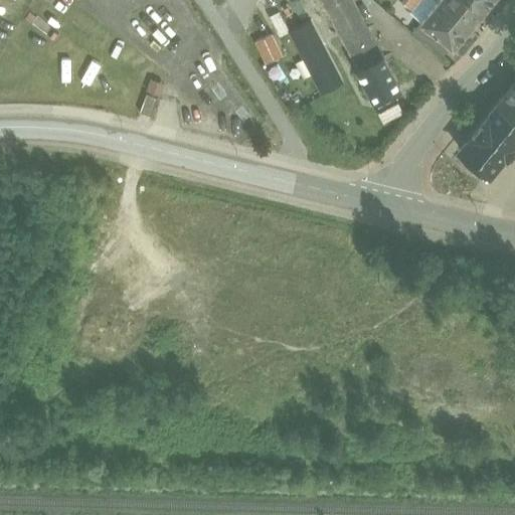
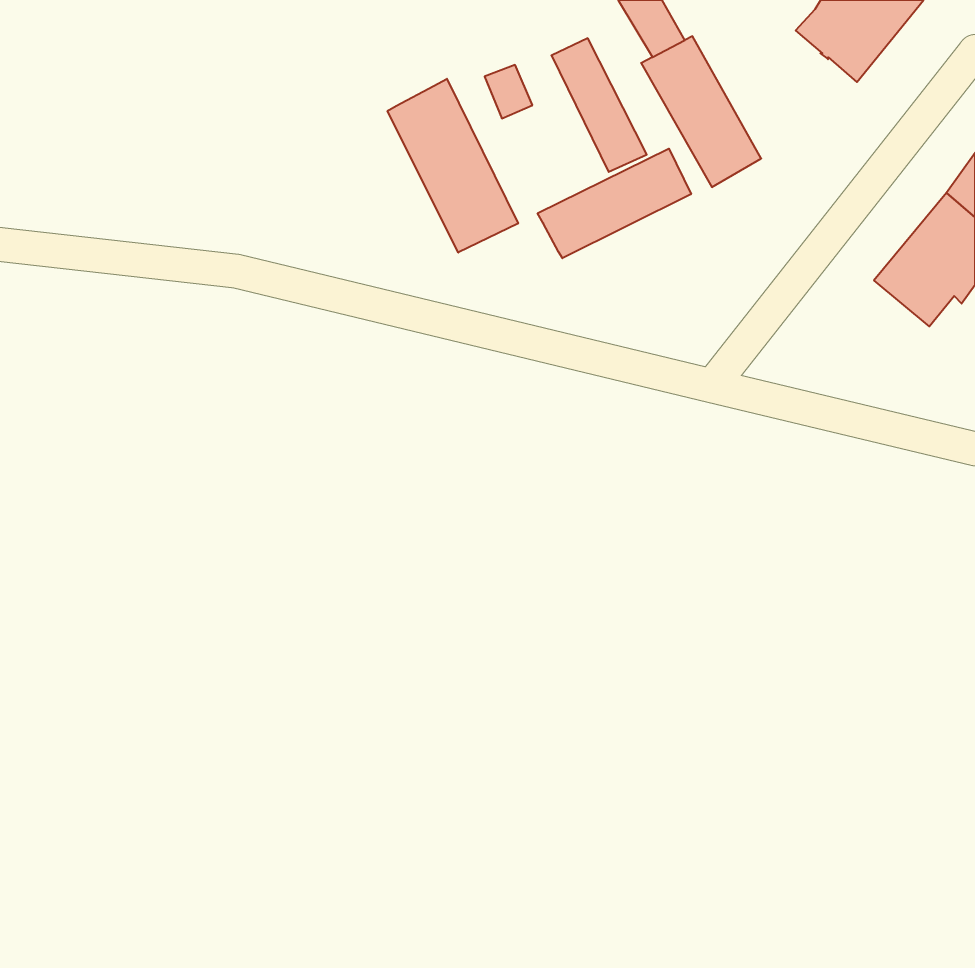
building: none -> [388,79,518,253]
building: none -> [538,149,691,258]

